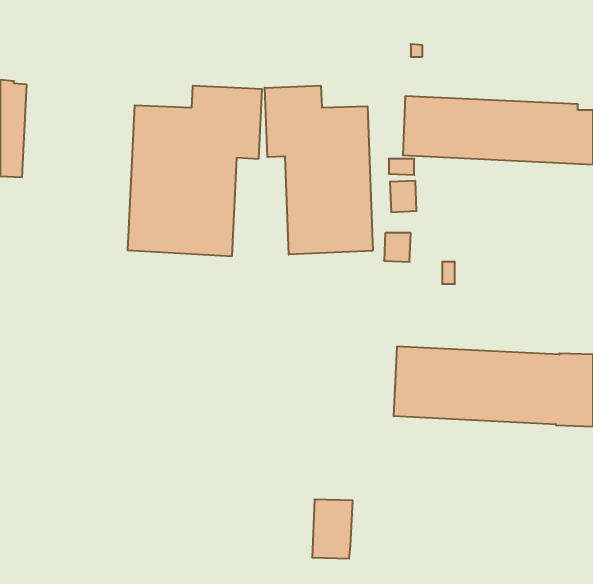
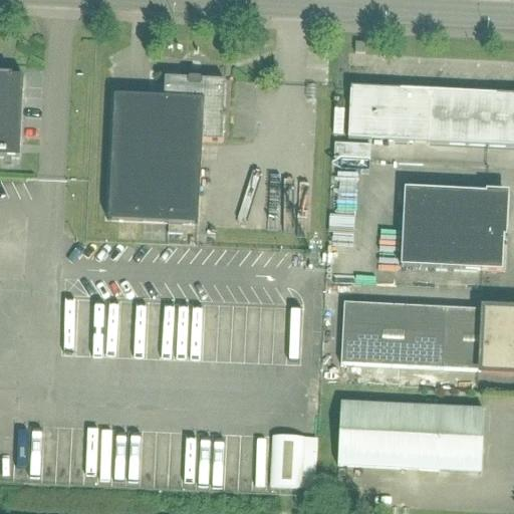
building: [265,86,373,255] -> none
building: none -> [400,184,505,268]
building: none -> [337,400,484,469]

